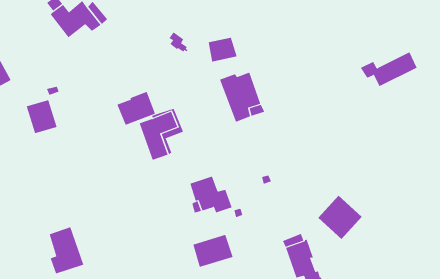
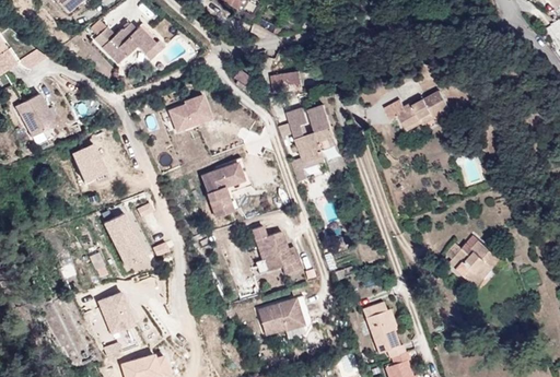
building: [360,52,417,87] -> [382,85,447,126]
building: [116,91,156,125] -> [166,92,211,131]
building: none -> [102,213,147,269]
building: [318,195,363,240] -> [446,235,498,286]

